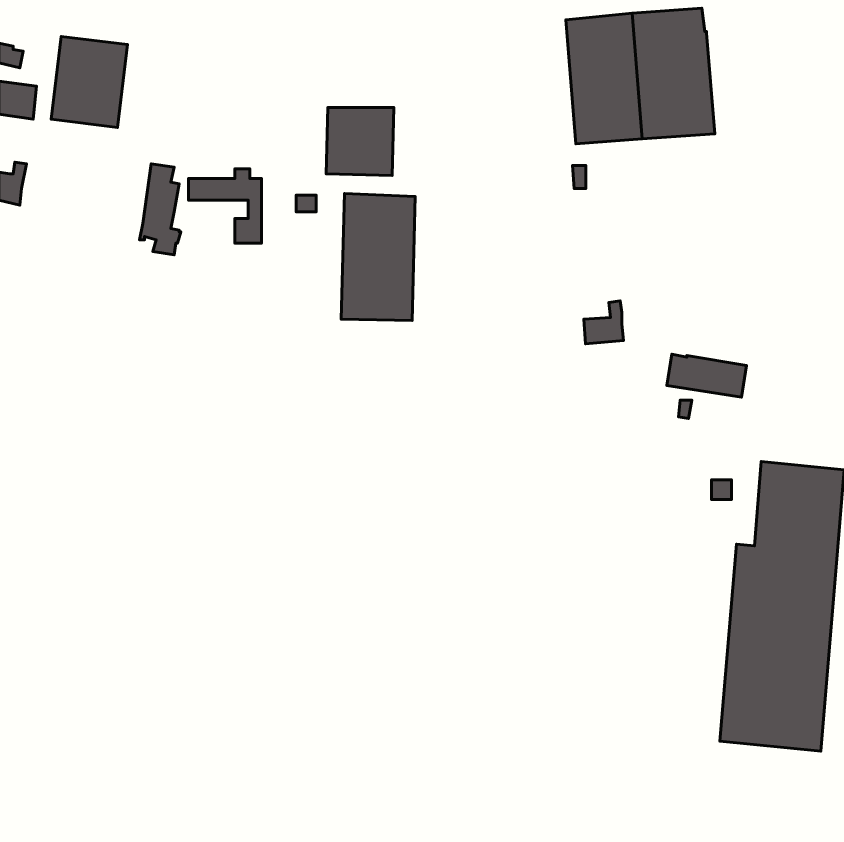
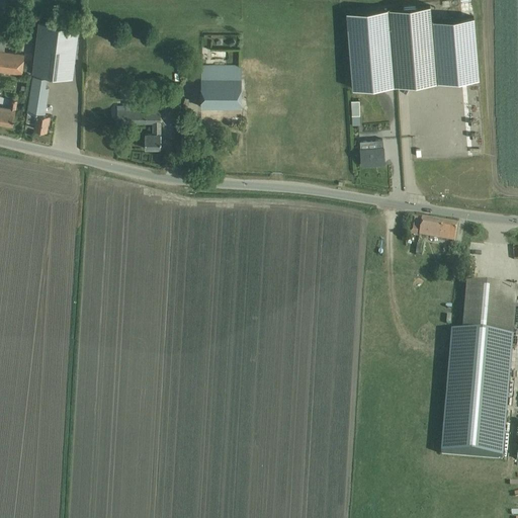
building: none -> [432,19,478,84]
building: [139,164,181,255] -> [24,77,50,133]
building: [341,193,415,321] -> none
building: [584,301,624,344] -> [359,141,383,167]

